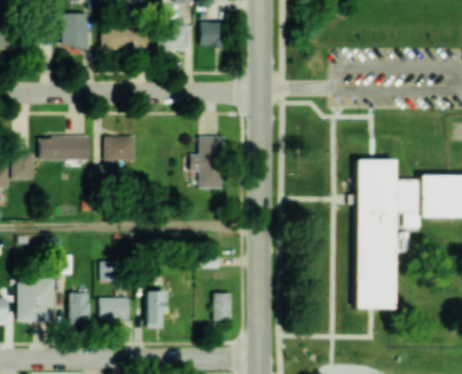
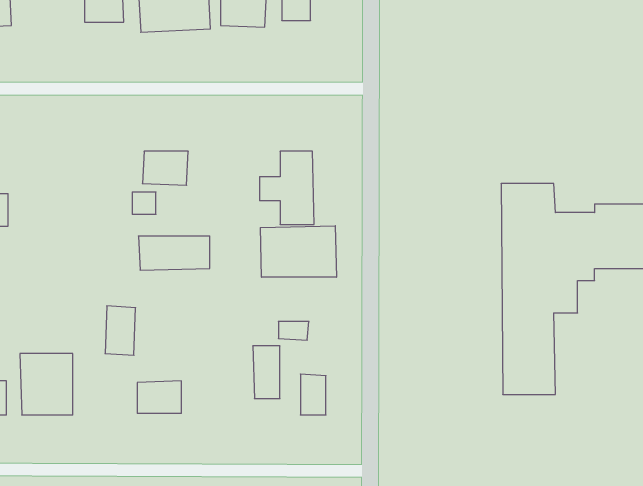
building: [39,137,89,160] -> [138,236,210,270]
building: [12,153,34,179] -> none
building: none -> [260,226,336,277]
building: [146,291,165,328] -> [253,346,280,399]
building: [69,292,90,327] -> [105,306,136,355]

